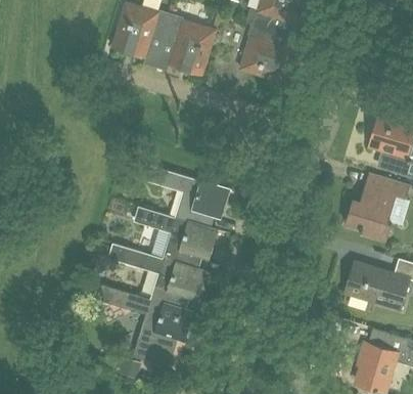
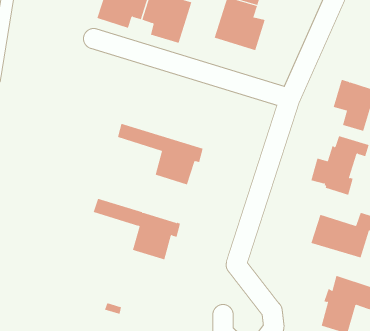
building: [133,207,216,270] -> none
building: [96,284,191,368] -> none

